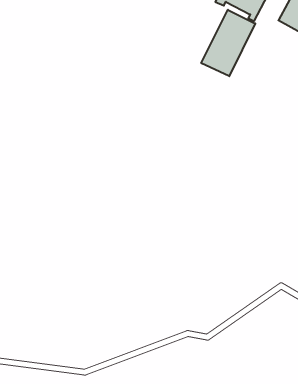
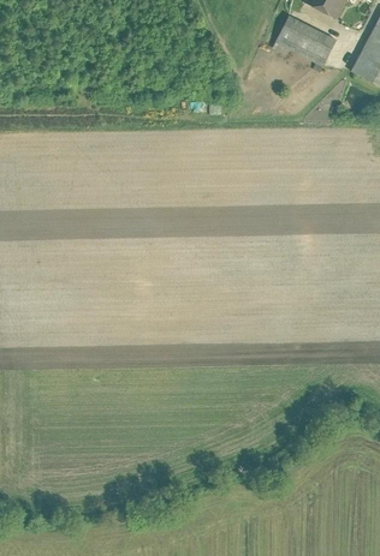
building: [201,10,255,76] -> none

